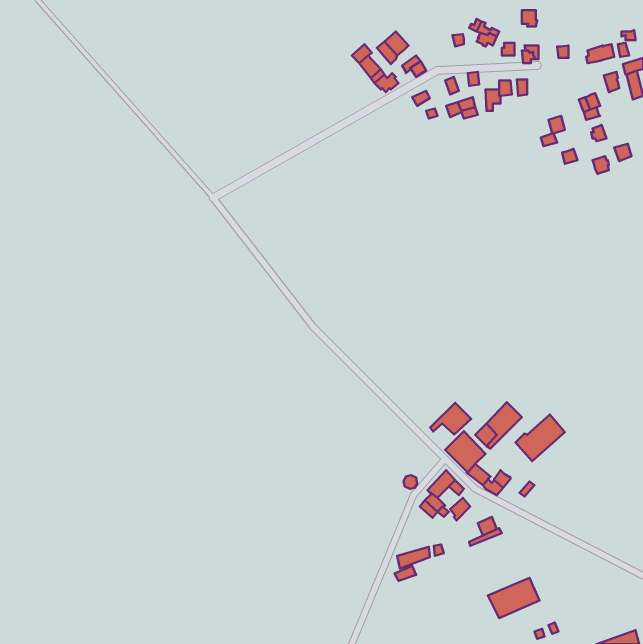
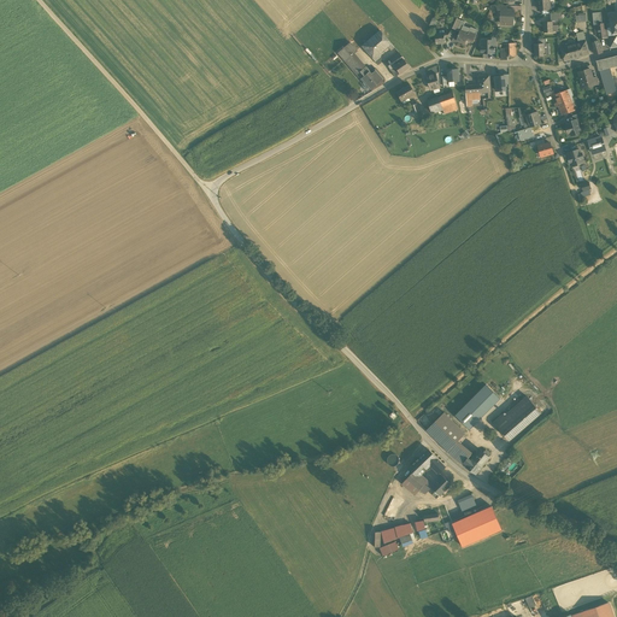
building: [430,403,471,435] -> none
building: [488,578,540,618] -> [451,507,500,546]

